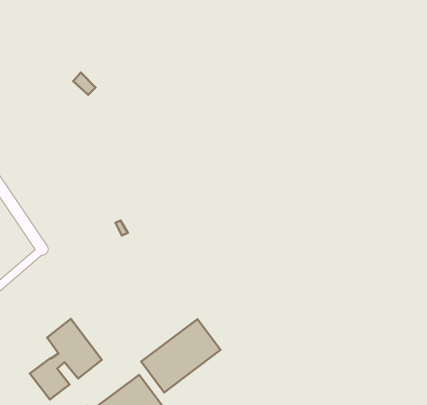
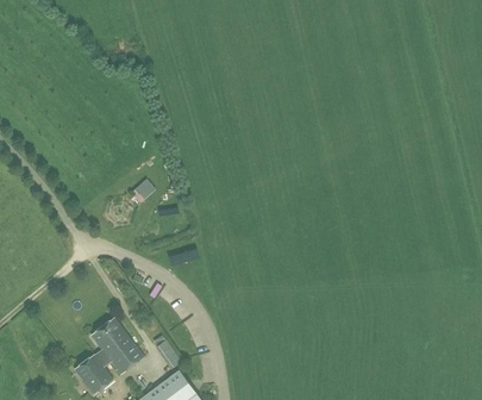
building: [141,319,221,392] -> none

